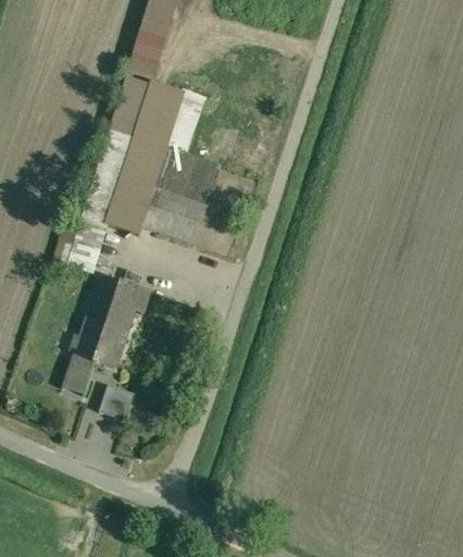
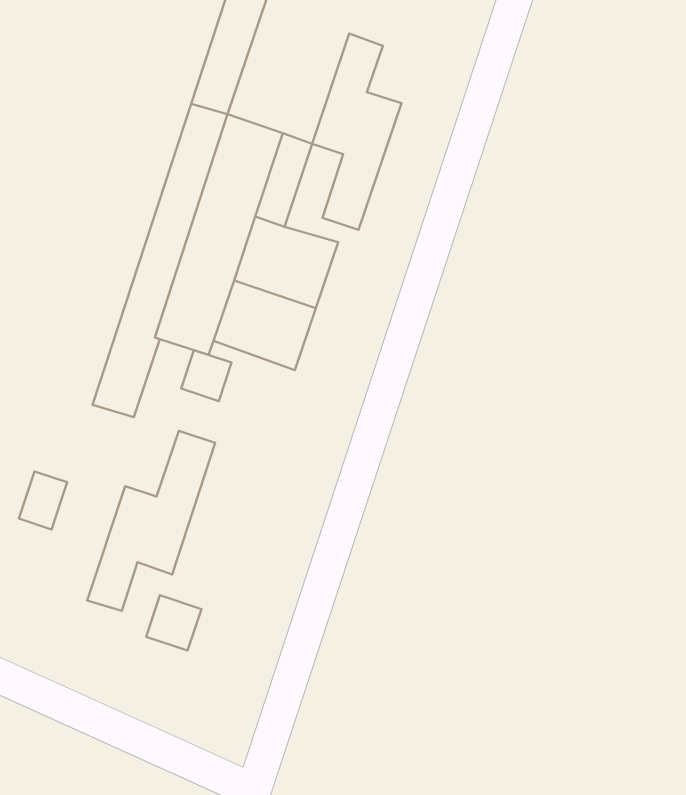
building: none -> [312,33,401,230]
building: none -> [181,350,231,401]
building: none -> [19,471,67,530]

